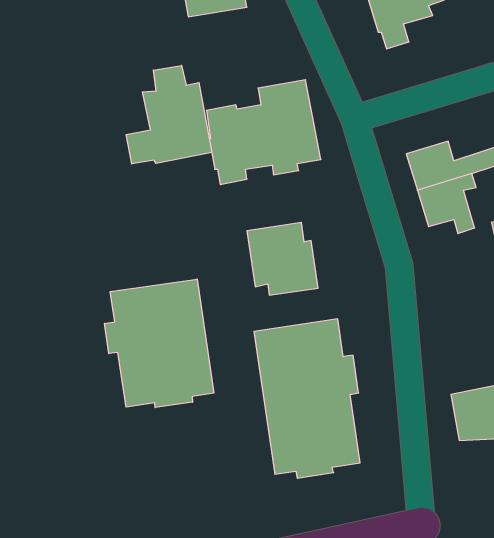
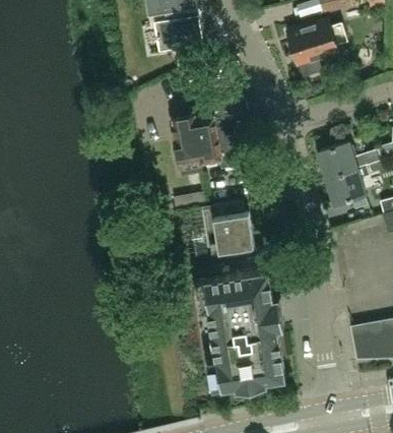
building: [126,65,212,164] -> none
building: [105,279,214,408] -> none

